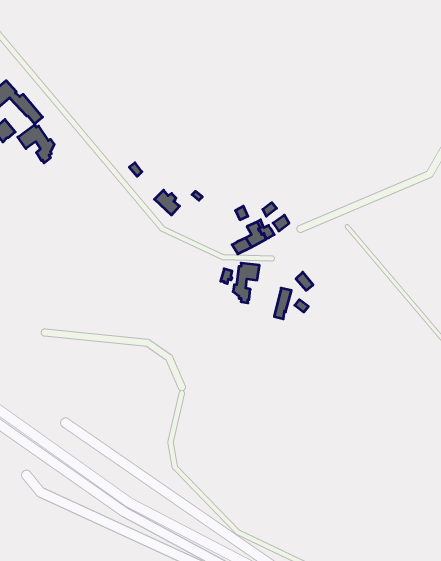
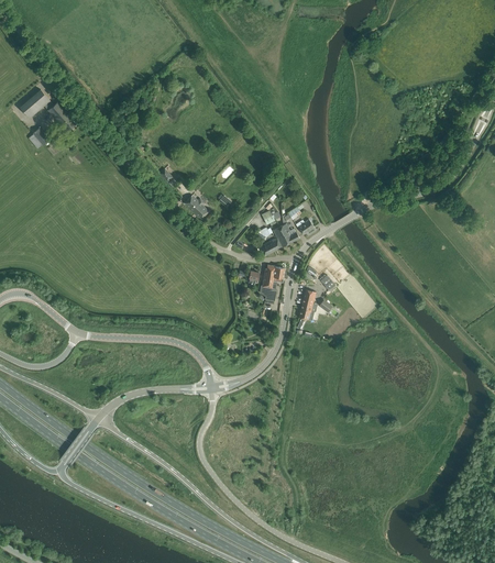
building: [18,124,54,163] -> none

